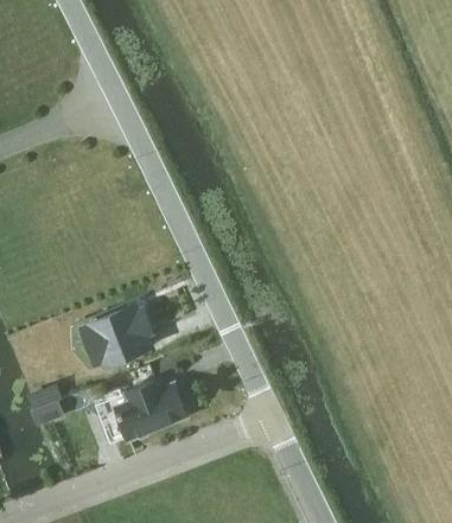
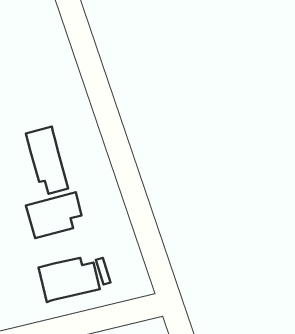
building: none -> [26,127,68,194]

